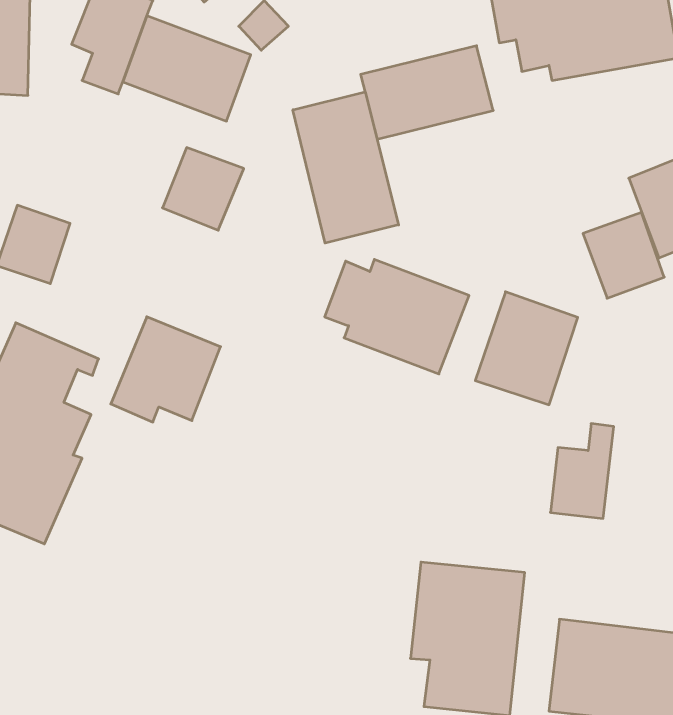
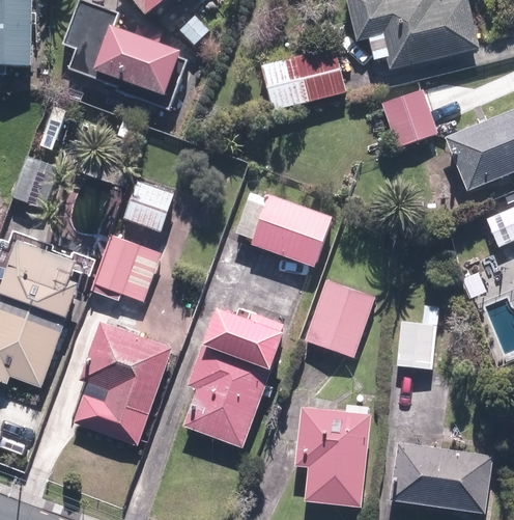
building: [293,92,399,243] -> none
building: [162,148,244,230] -> [120,179,176,236]
building: [583,212,664,298] -> [379,90,435,149]
building: [475,292,578,405] -> [304,280,374,358]
building: none -> [182,301,290,448]
building: none -> [69,323,171,450]

